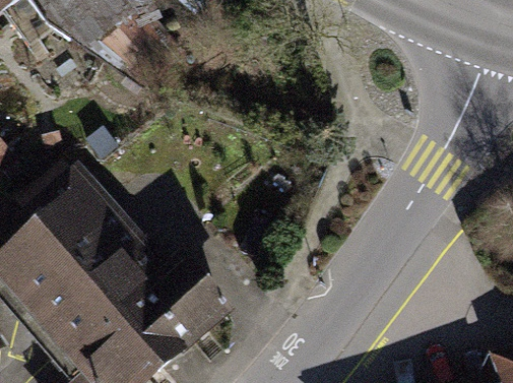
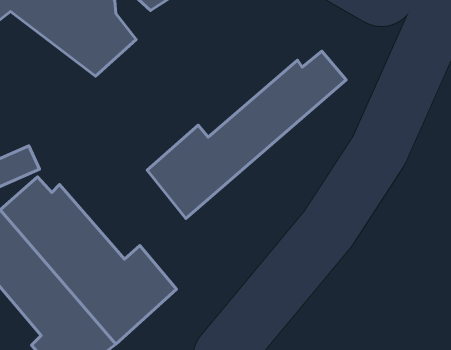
building: none -> [147,51,346,219]

